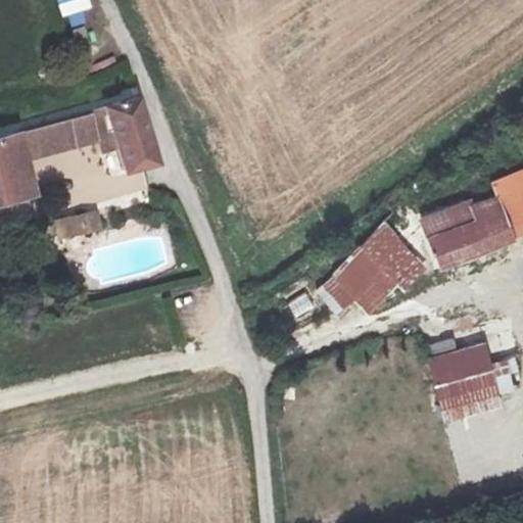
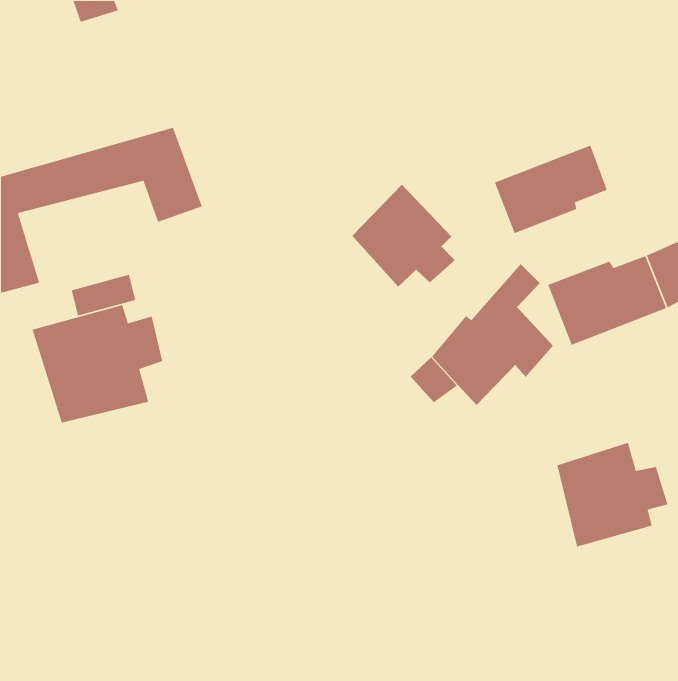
building: none -> [494,144,608,234]
building: none -> [351,184,456,288]
building: none -> [31,304,163,423]

